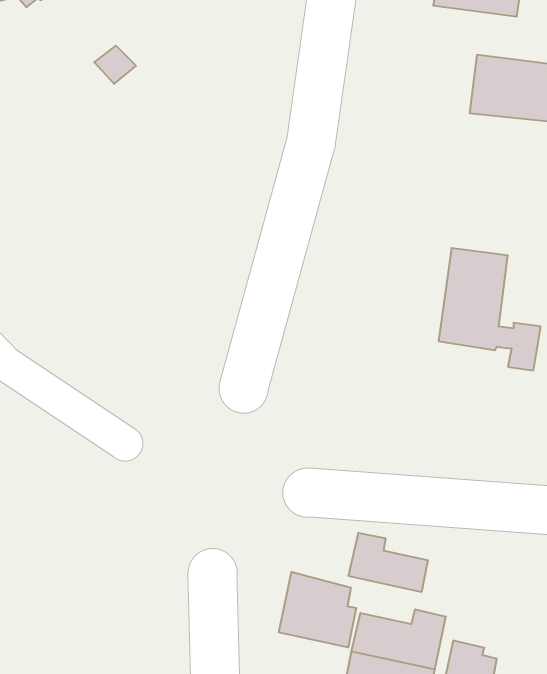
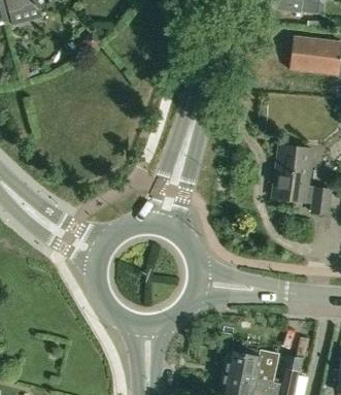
building: [349,533,428,592] -> none
building: [279,572,356,647] -> none

